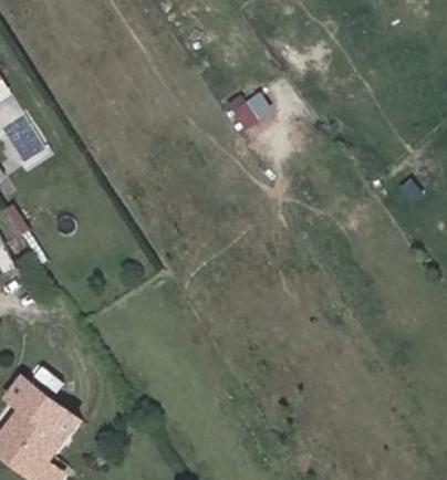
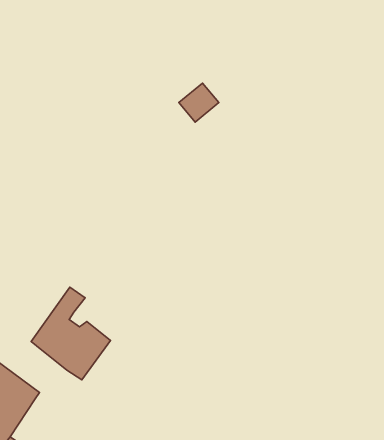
building: none -> [31,287,110,380]

